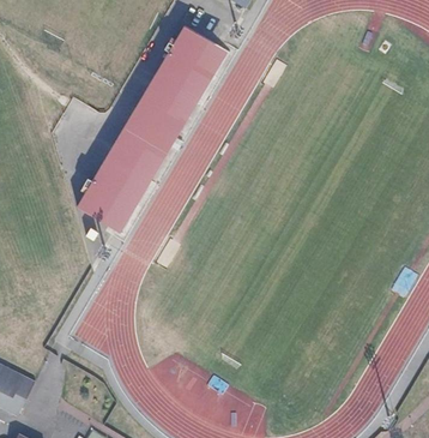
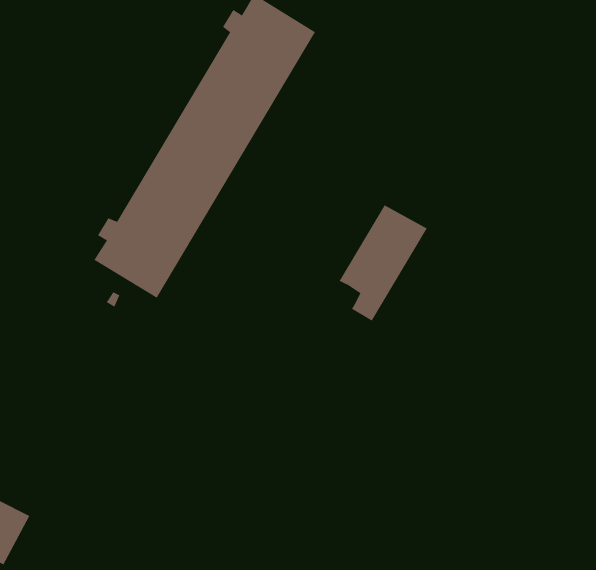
building: none -> [339,204,428,322]

